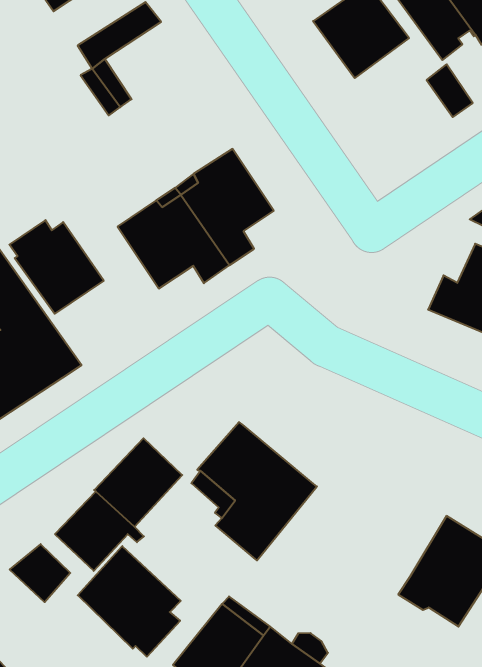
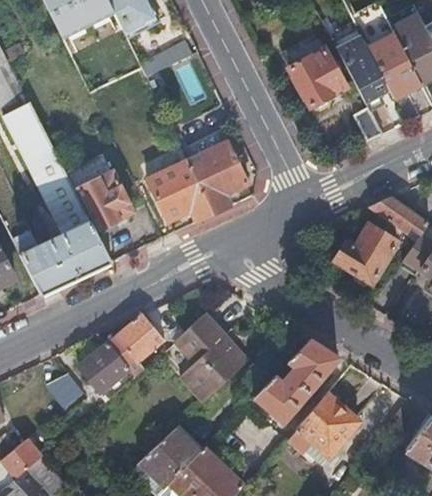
building: none -> [252,340,338,423]
building: [78,546,181,657] -> none

